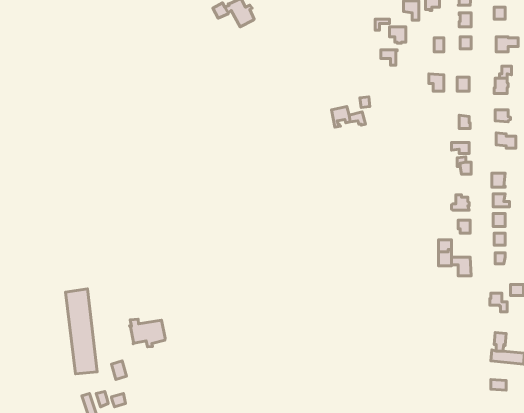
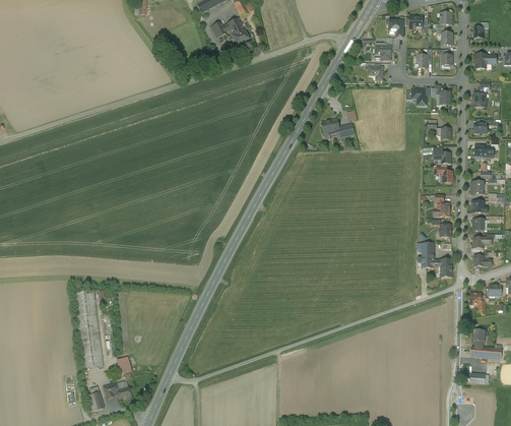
building: [130,319,165,347] -> none

